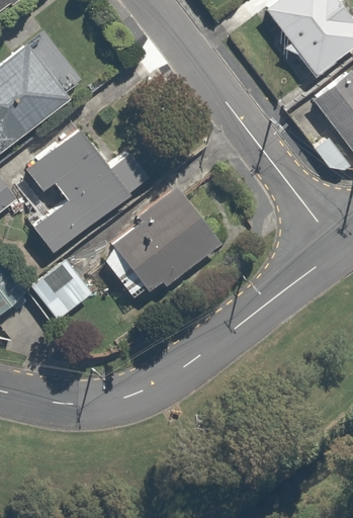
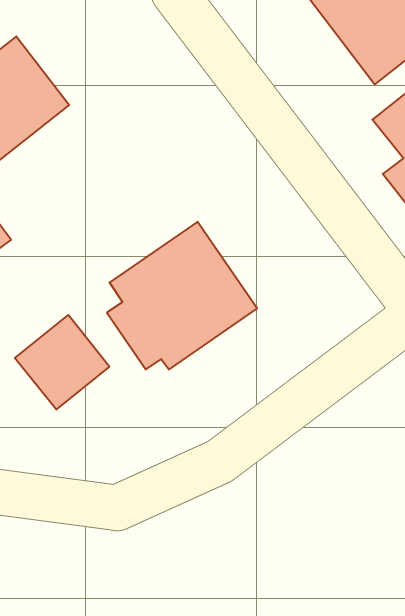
building: [29,126,134,253] -> none

